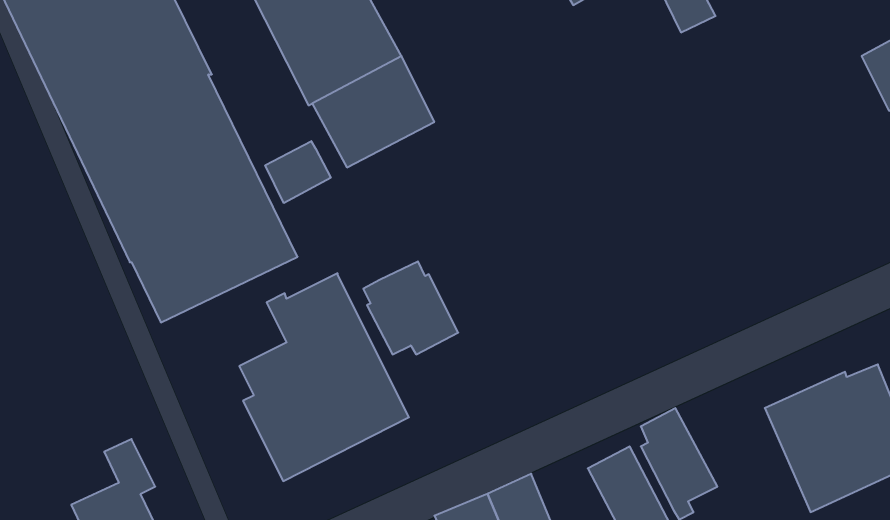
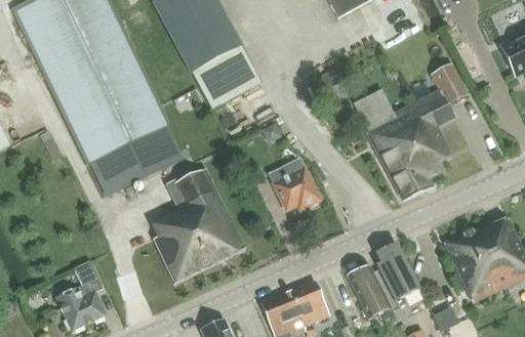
building: none -> [358,61,468,201]
building: [265,141,331,203] -> none
building: [363,261,458,354] -> [269,158,322,210]

